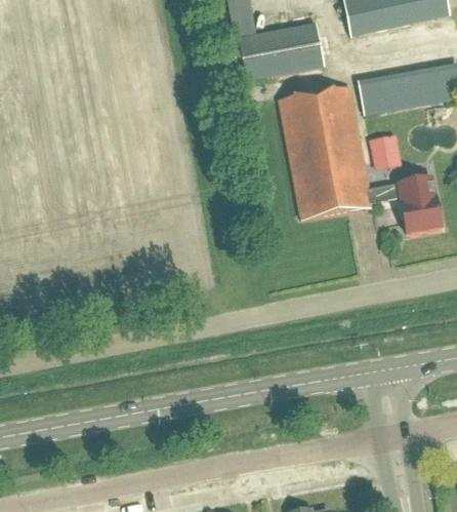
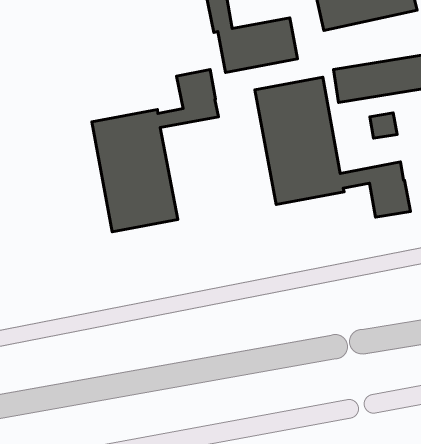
building: none -> [92,69,219,232]
building: [369,135,398,162] -> [370,113,397,138]

